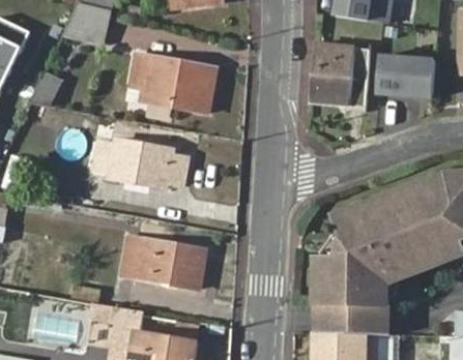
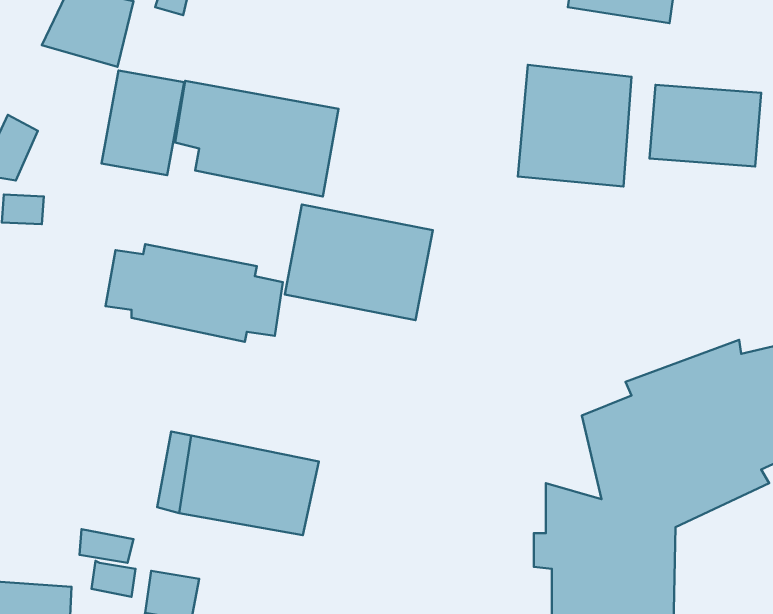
building: none -> [101,71,184,175]
building: none -> [285,204,433,320]

